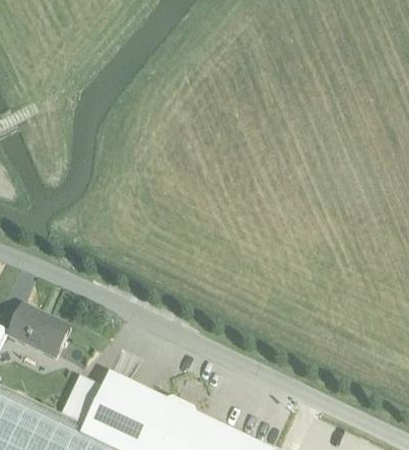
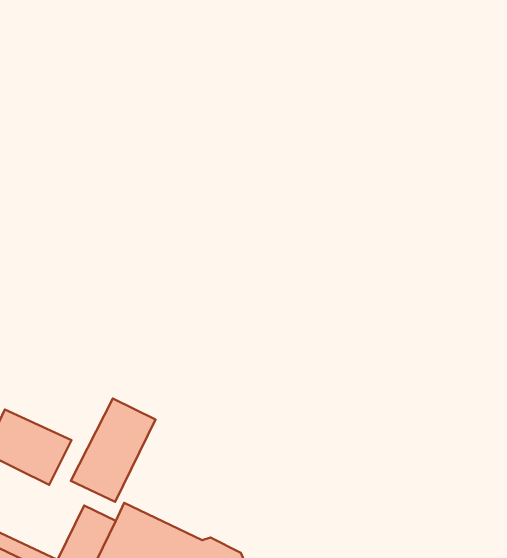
building: none -> [71,399,155,502]

